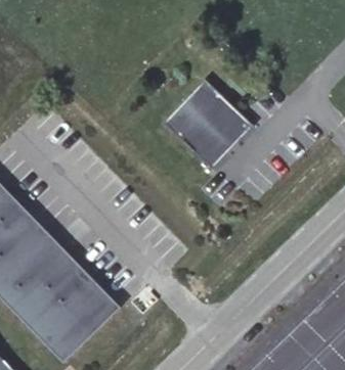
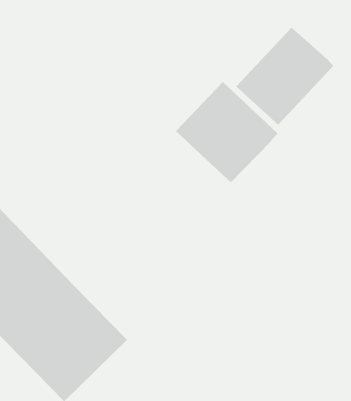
building: none -> [235,27,334,126]

